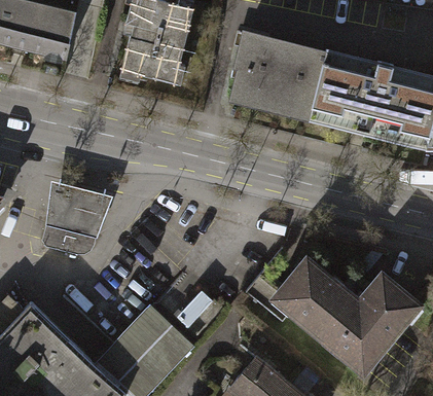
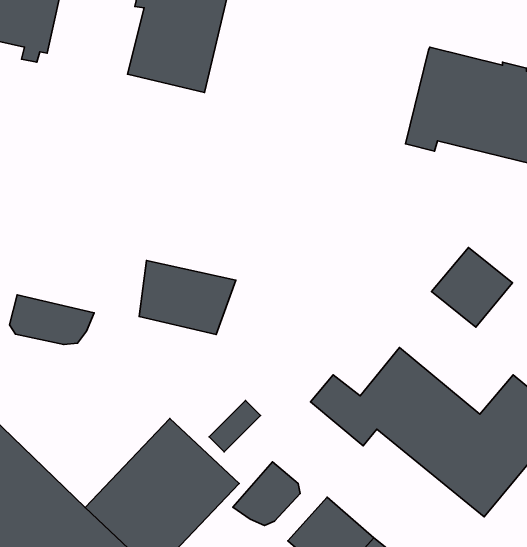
building: [232,34,325,117] -> none
building: [45,182,111,232] -> [139,260,236,334]
building: none -> [432,247,513,327]
building: none -> [233,462,300,525]

